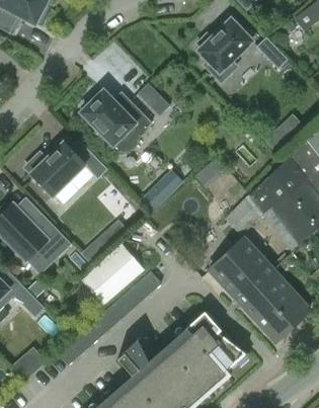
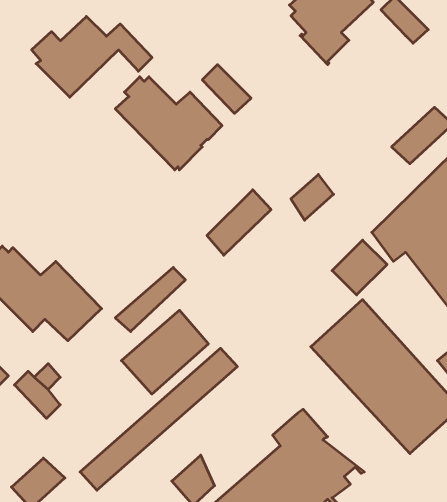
building: [27,143,107,196] -> [32,16,152,97]

